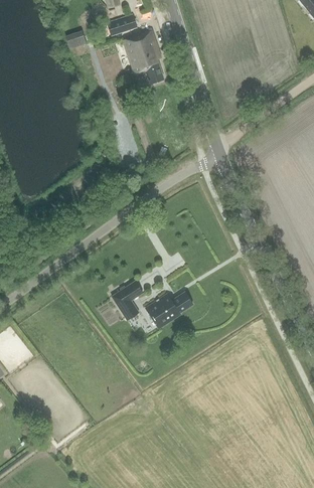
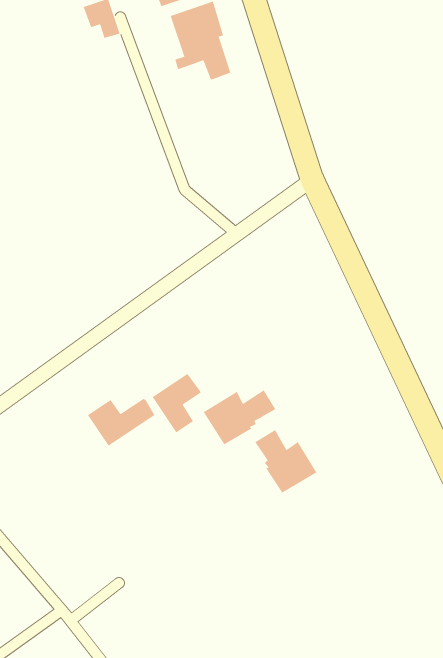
building: none -> [87,398,155,447]
building: none -> [255,429,317,494]

